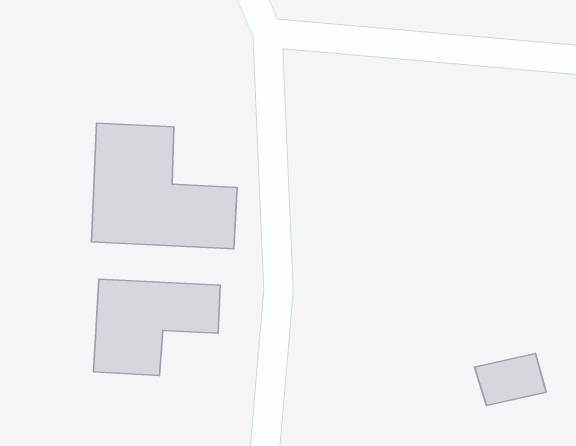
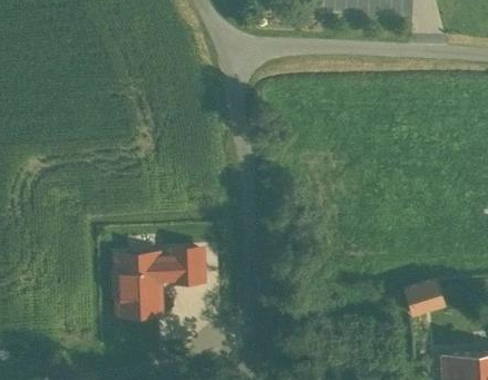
building: [92,123,237,249] -> none

